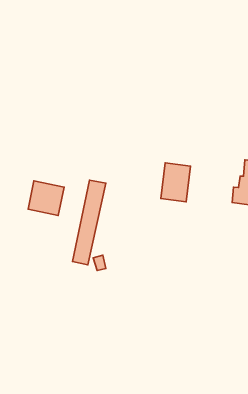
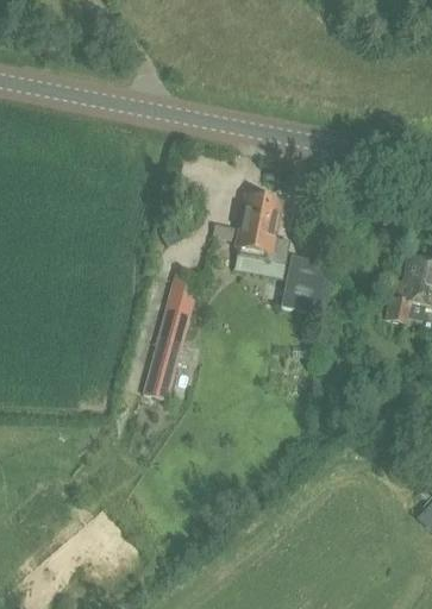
building: none -> [233,195,288,263]
building: [28,181,64,215] -> none

